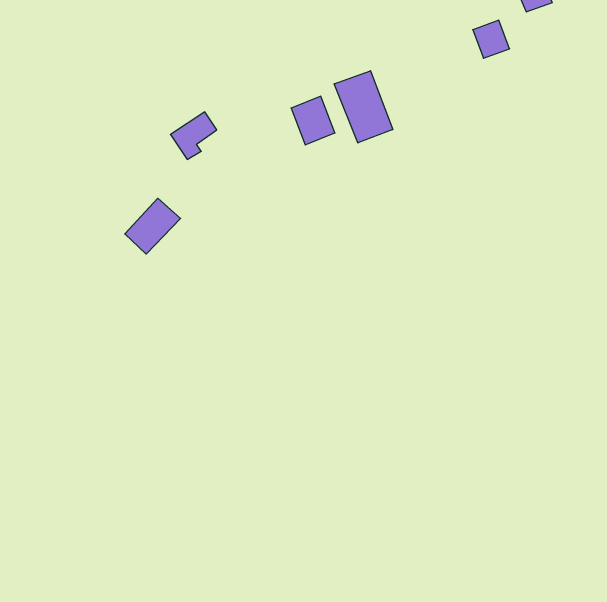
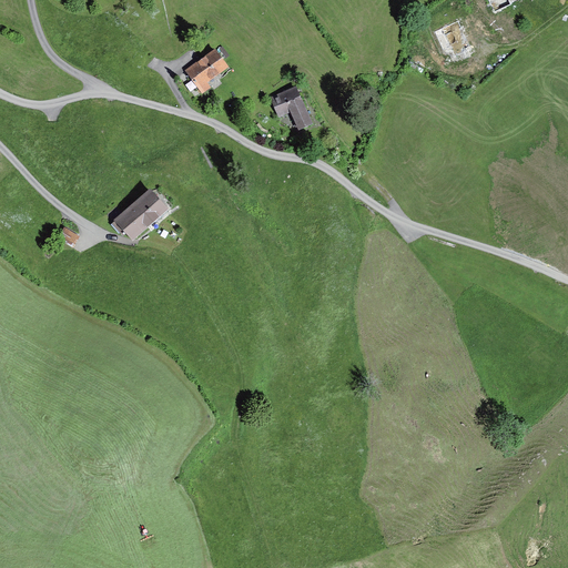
building: [334,71,393,143] -> none
building: [170,112,217,159] -> [184,47,227,91]

